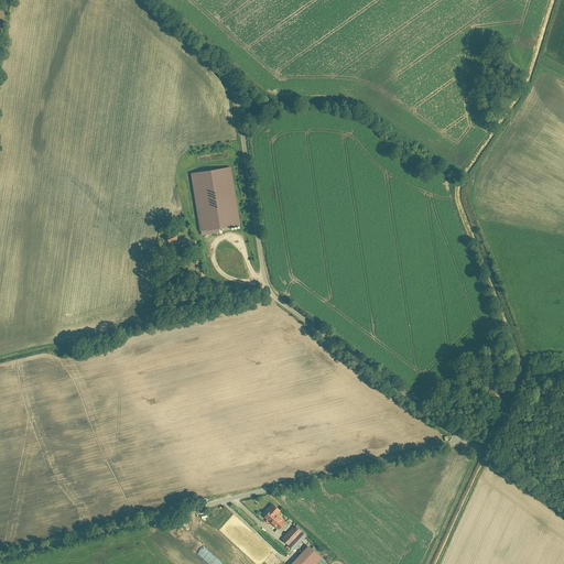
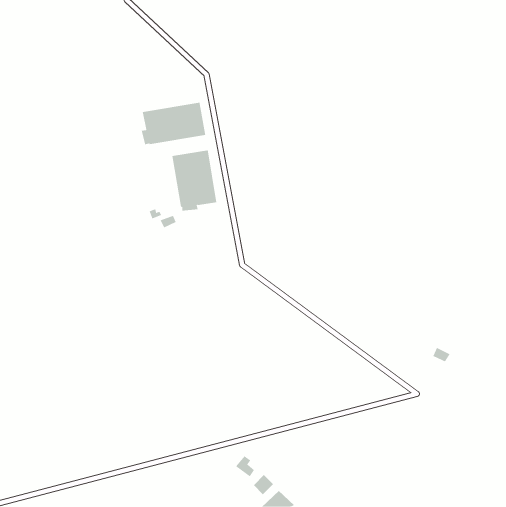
building: none -> [141,102,206,145]

